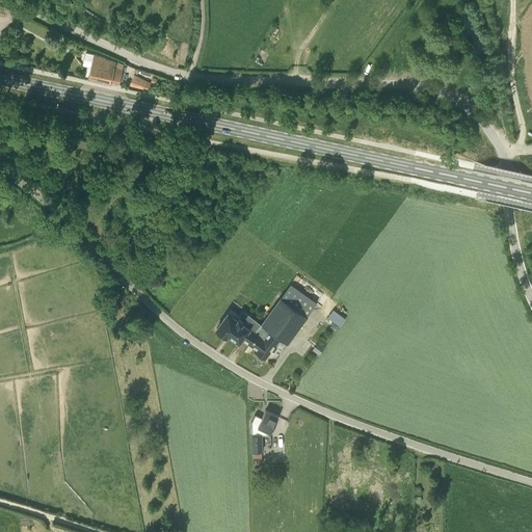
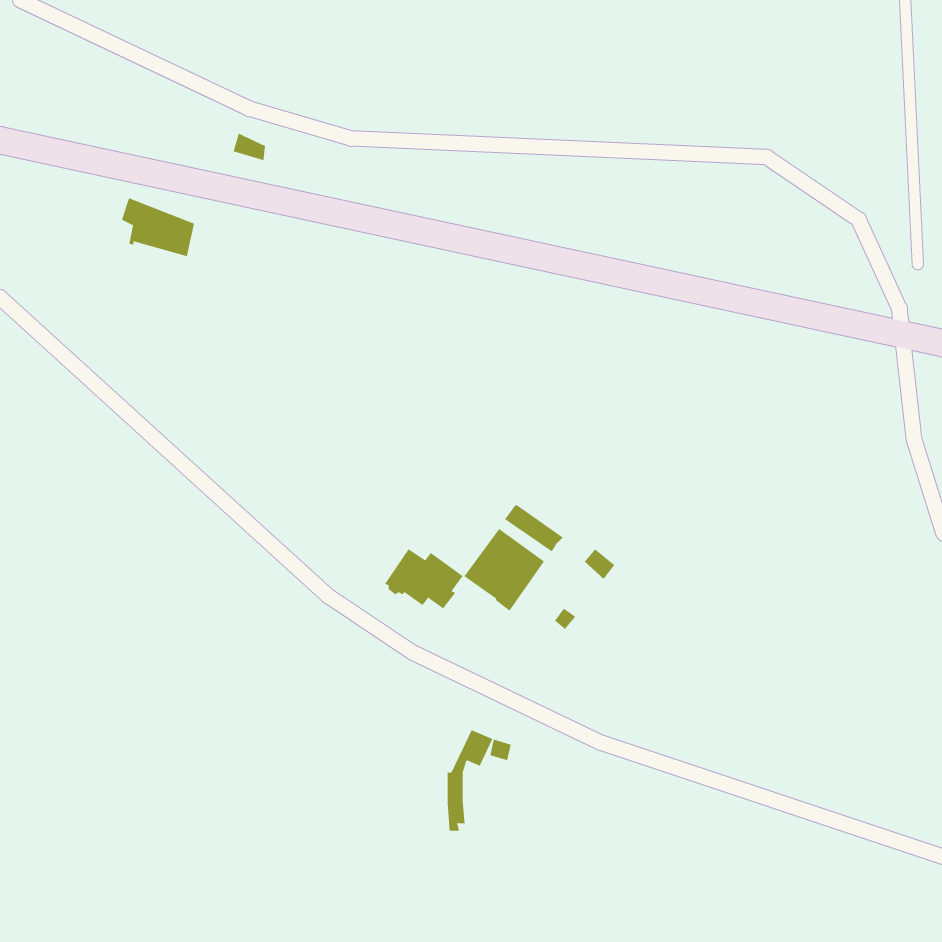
building: [82,52,124,85] -> [121,198,195,257]
building: [250,325,280,357] -> none

